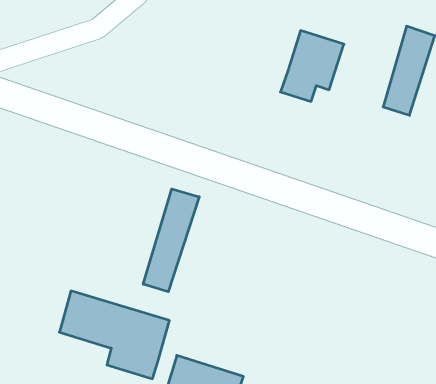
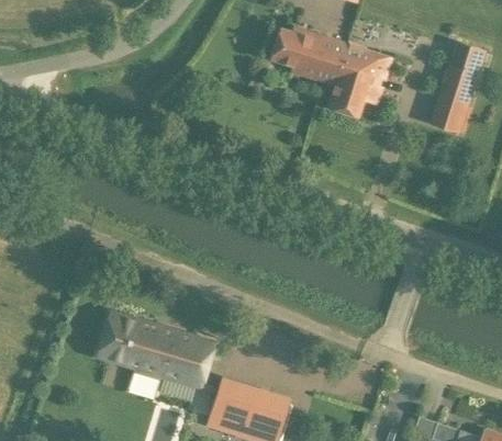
building: none -> [270,25,348,84]
building: [143,189,199,292] -> none

